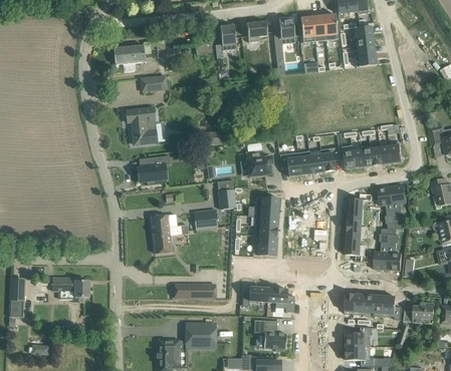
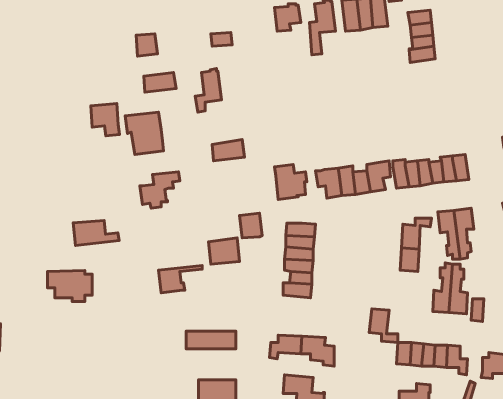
building: [215,23,236,58] -> [195,69,221,112]
building: [114,45,137,71] -> [91,103,119,136]
building: [151,215,188,235] -> [73,220,119,245]
building: [346,235,369,262] -> [369,309,398,343]
building: [52,277,88,302] -> [47,270,92,302]

